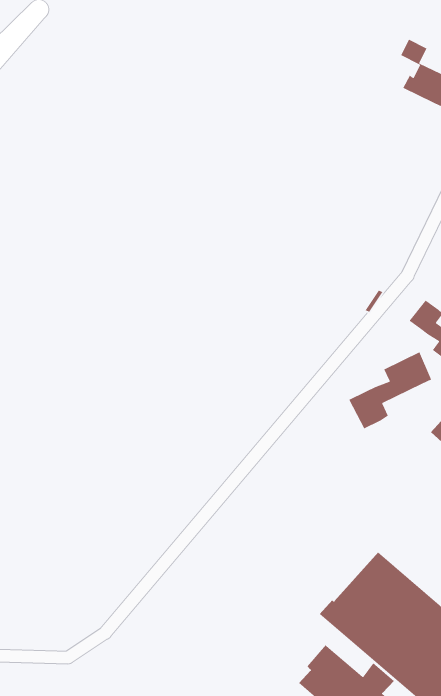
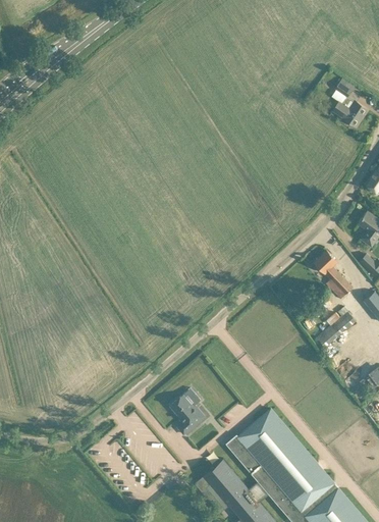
building: [348,351,432,429] -> none
building: none -> [170,394,205,434]

